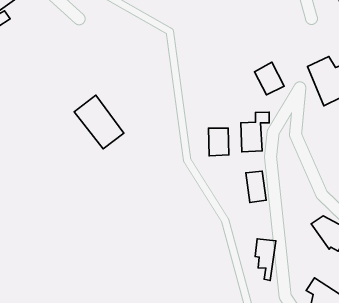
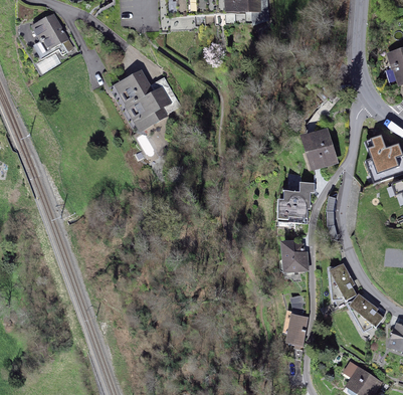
building: [74,95,124,149] -> [118,68,167,125]
building: [208,128,229,156] -> none
building: none -> [329,264,361,306]

